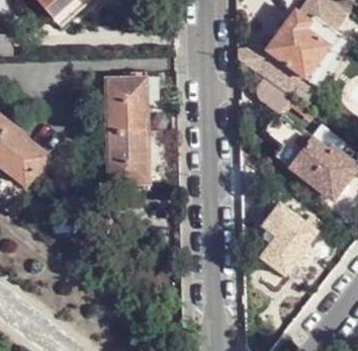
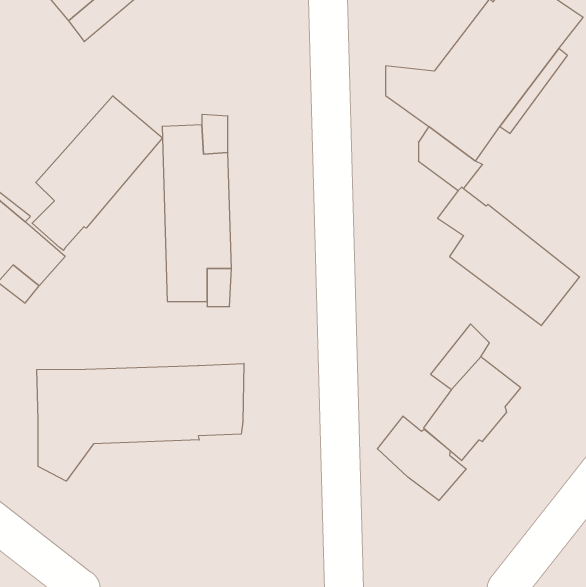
building: none -> [32,96,162,250]
building: none -> [37,363,244,481]
building: none -> [377,416,466,501]

